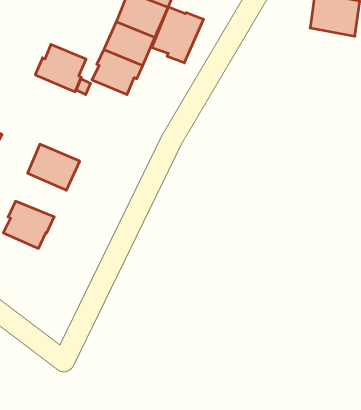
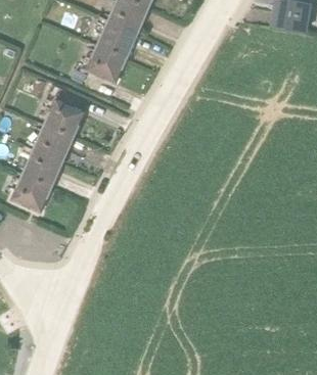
building: [152,7,203,63] -> none
building: [35,44,86,92] -> [41,98,84,138]
building: none -> [20,148,63,185]

